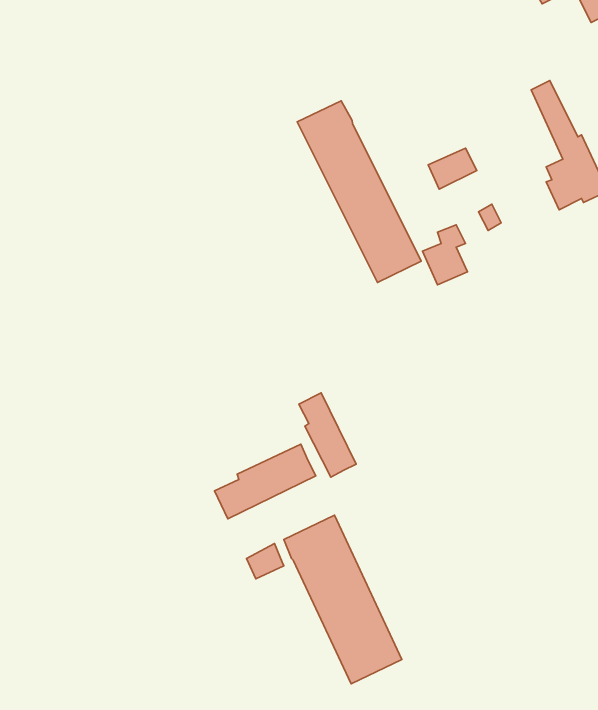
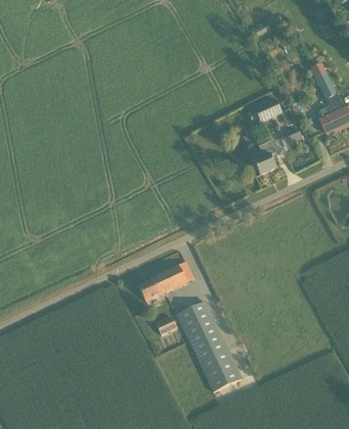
building: [297,101,421,282] -> none
building: [299,393,356,477] -> none

